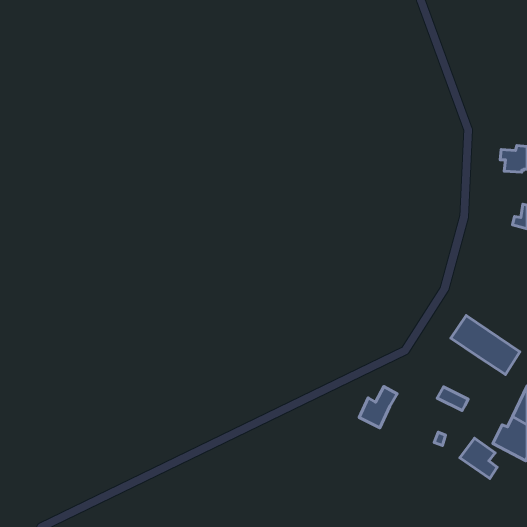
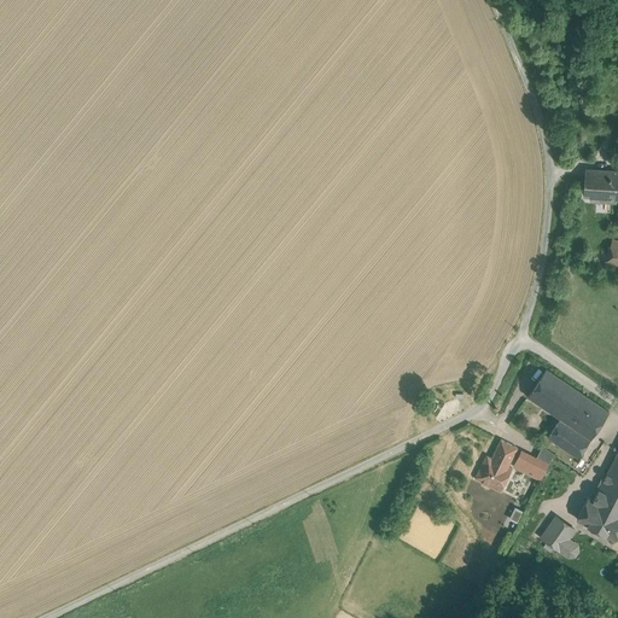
building: none -> [548,418,591,457]
building: [359,387,397,428] -> [476,443,520,491]

